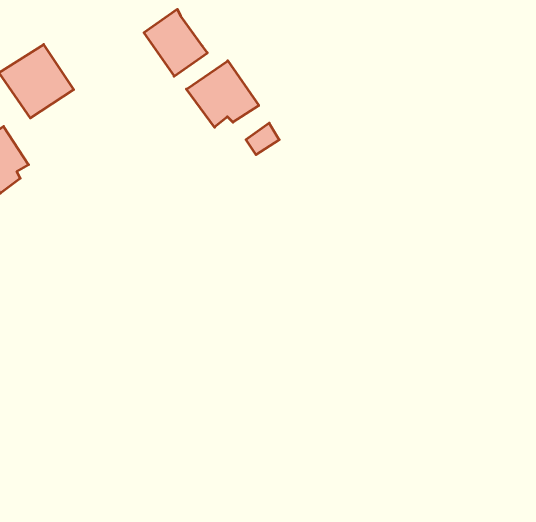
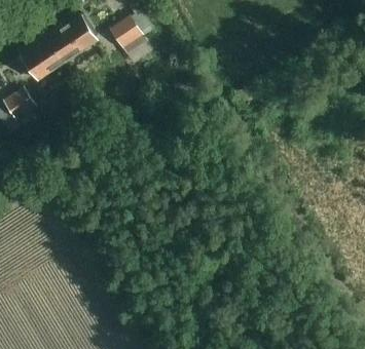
building: none -> [46,16,97,63]
building: [186,61,259,127] -> none

